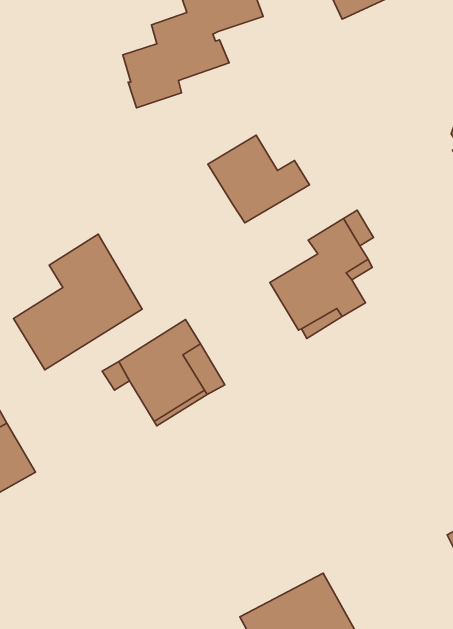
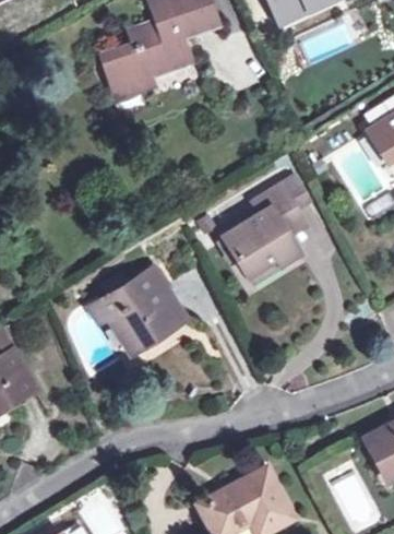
building: [208,135,309,223] -> none
building: [14,234,142,370] -> none

